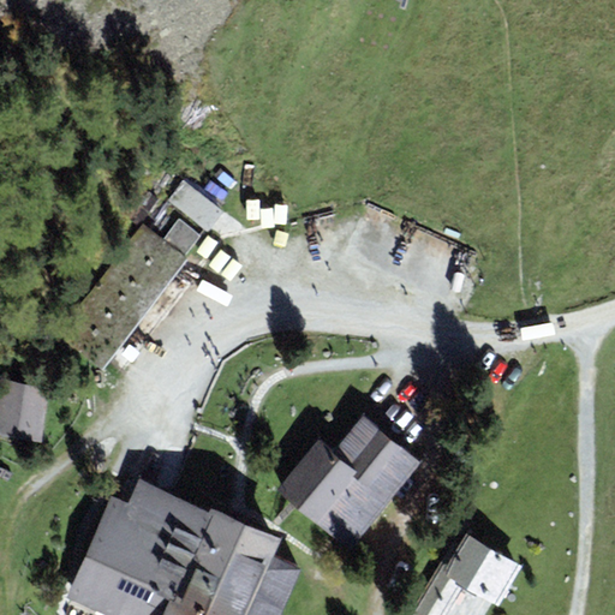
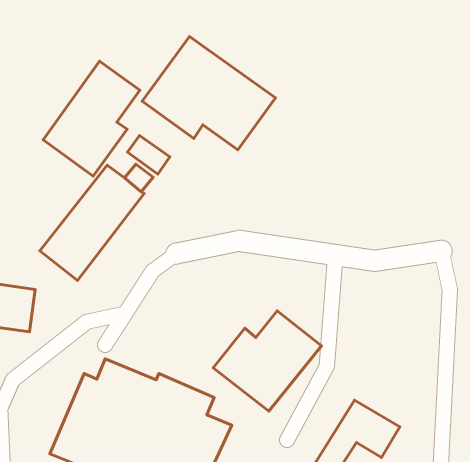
building: none -> [142,37,275,150]
building: none -> [43,61,140,176]

